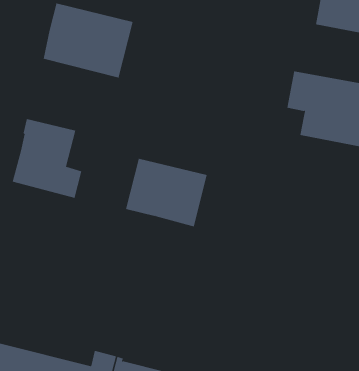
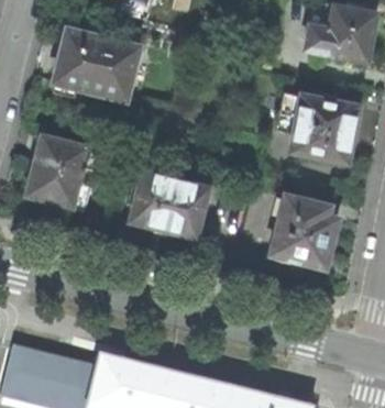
building: none -> [272,196,339,271]

